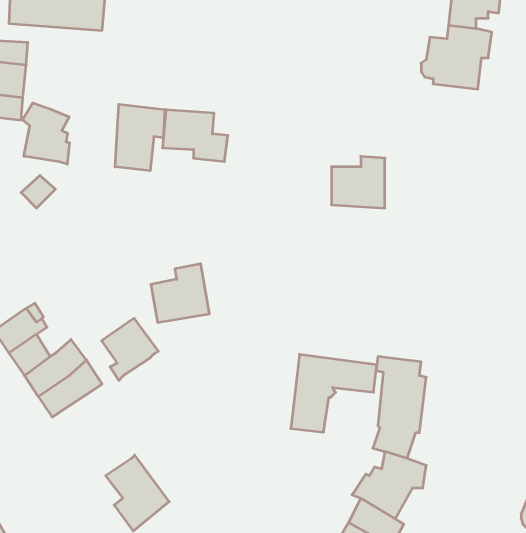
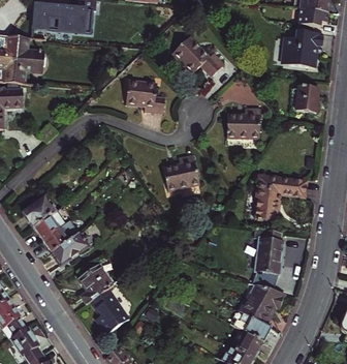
building: none -> [170,38,222,79]
building: [23,103,69,164] -> none
building: [115,104,165,171] -> none
building: none -> [296,86,318,113]
building: [151,264,209,322] -> [165,153,200,188]
building: [102,318,158,380] -> [78,266,113,303]
building: [291,354,377,432] -> [255,174,307,220]

